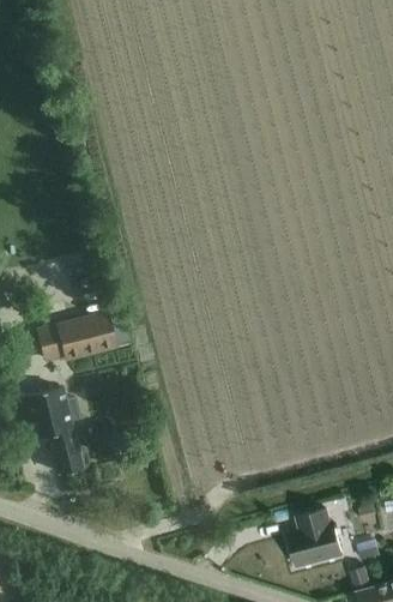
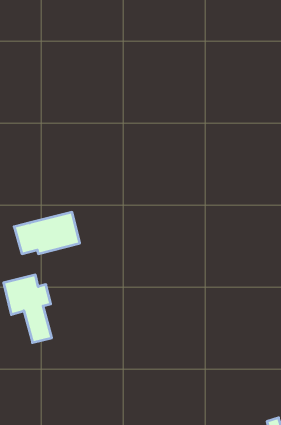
building: [288,508,341,566] -> none

